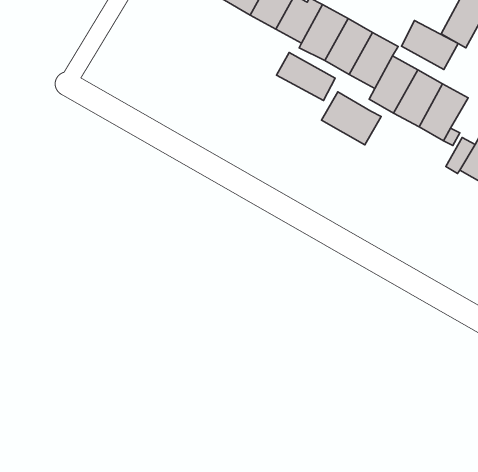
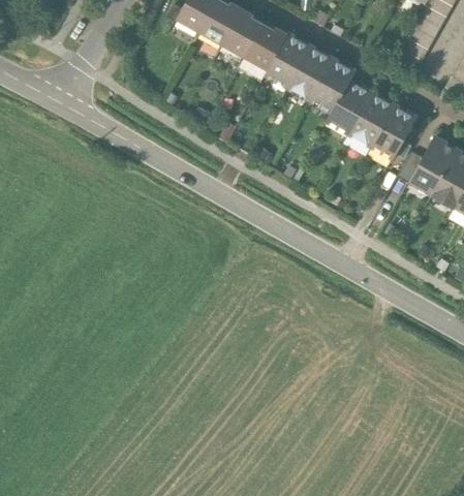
building: [401,21,458,69] -> none
building: [276,53,335,101] -> none
building: [321,92,381,145] -> none

